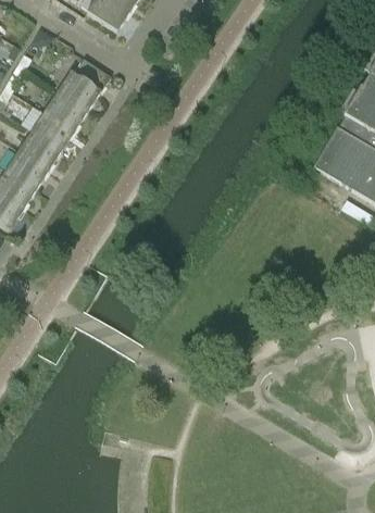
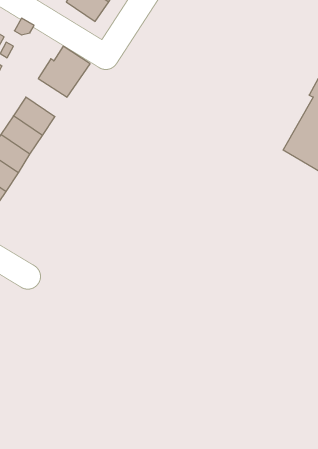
building: [42,92,86,133] -> none

